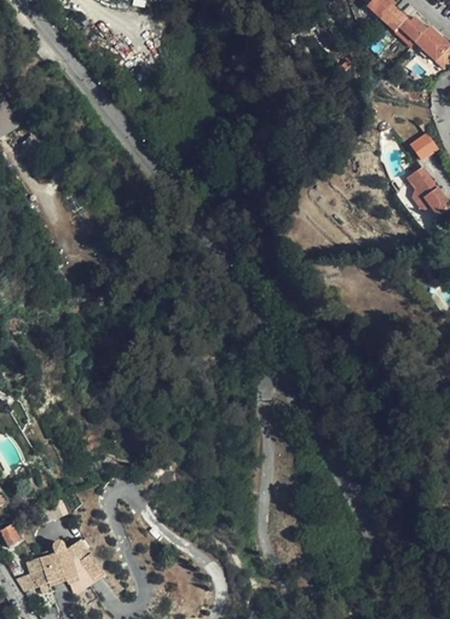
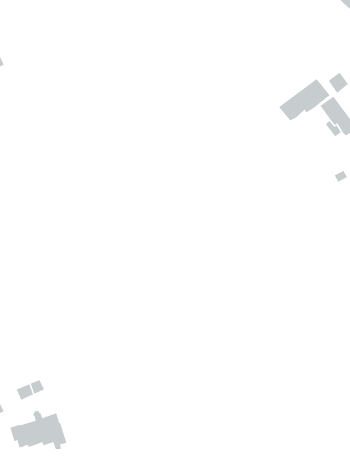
building: none -> [278,78,330,121]

